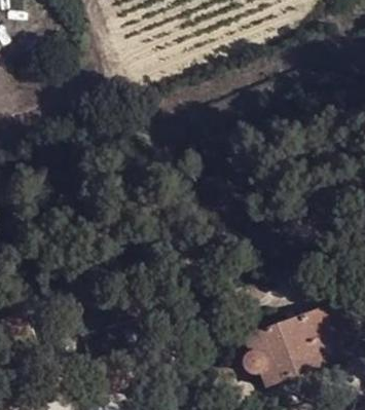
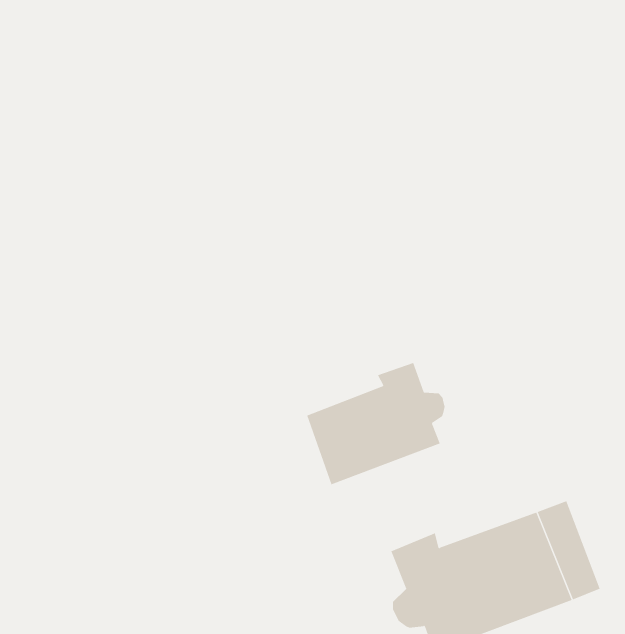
building: none -> [307,362,445,485]

